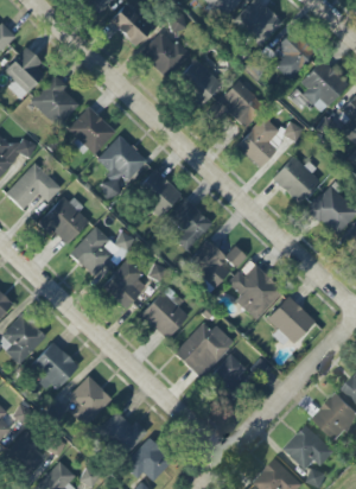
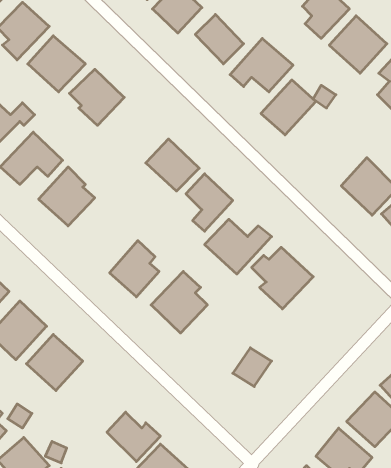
building: [97,135,147,198] -> none
building: [273,155,320,203] -> none
building: [70,226,135,277] -> none
building: [267,296,314,348] -> none
building: [174,323,235,377] -> none
building: [70,376,113,426] -> none

